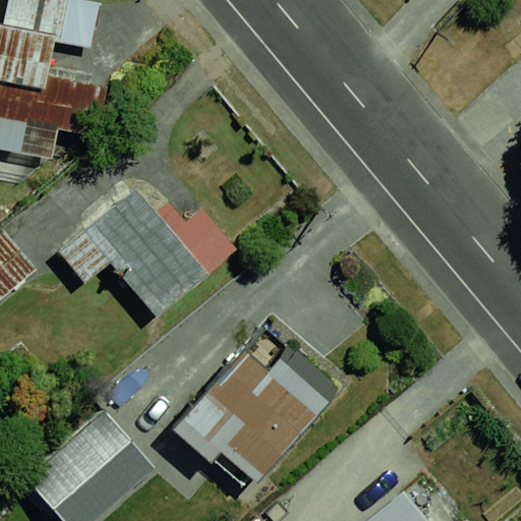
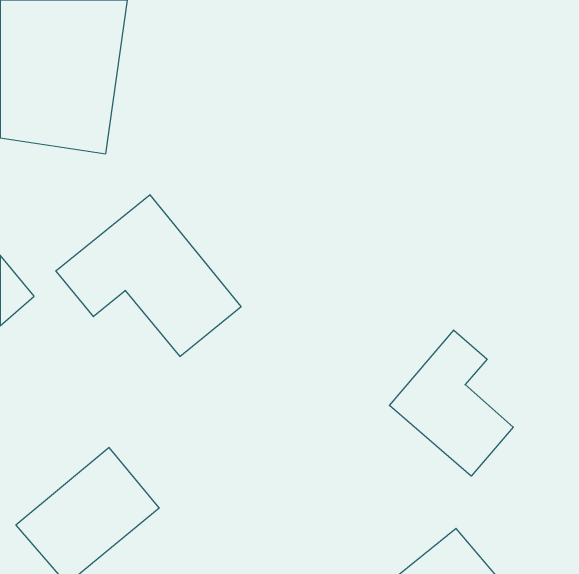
building: none -> [389,330,513,476]
building: [170,330,341,504] -> none

